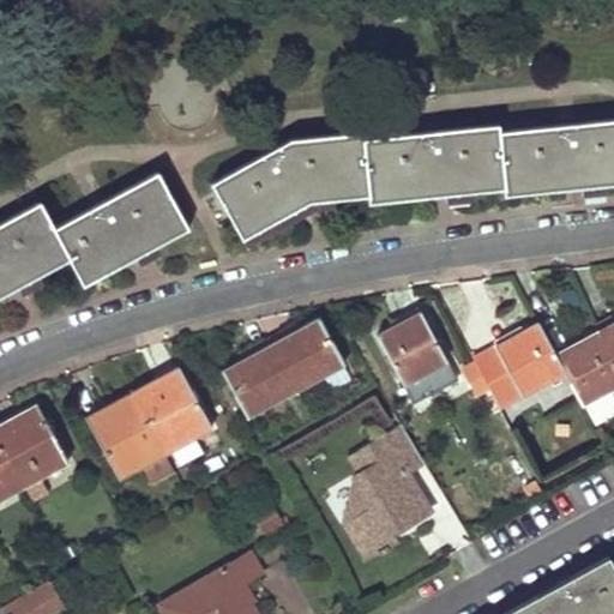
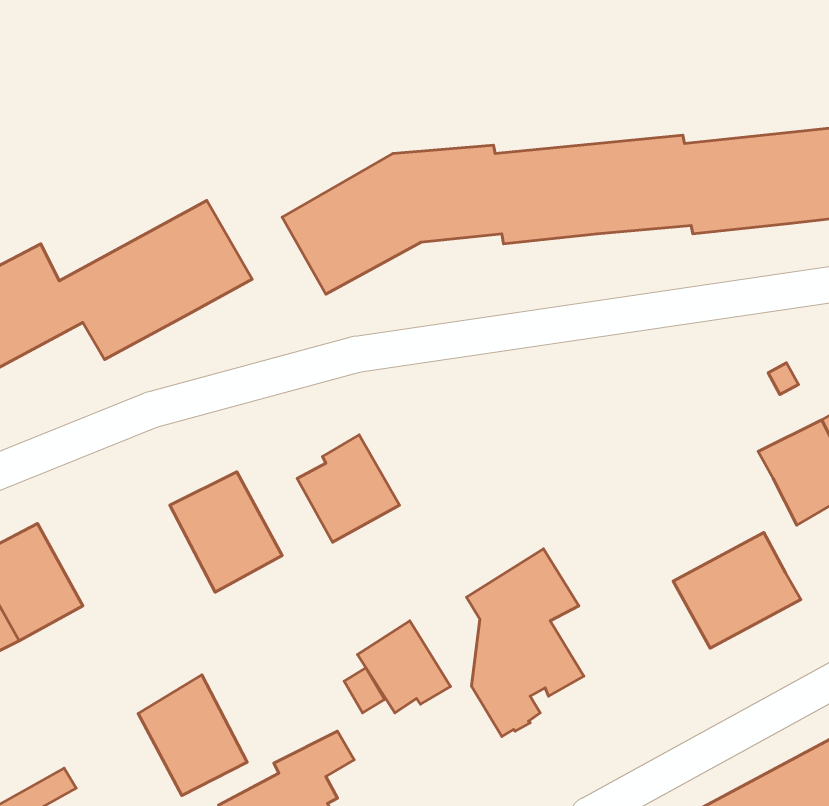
building: [377,312,457,402] -> none
building: [266,320,349,392] -> none
building: [471,325,562,408] -> [673,533,801,648]
building: [85,392,163,478] -> [138,675,247,796]
building: none -> [358,621,450,713]

